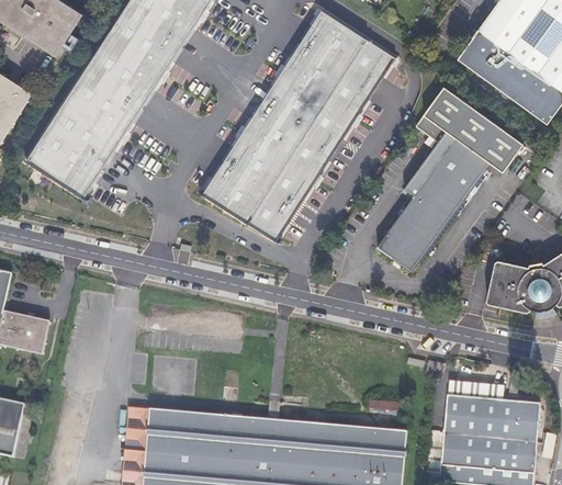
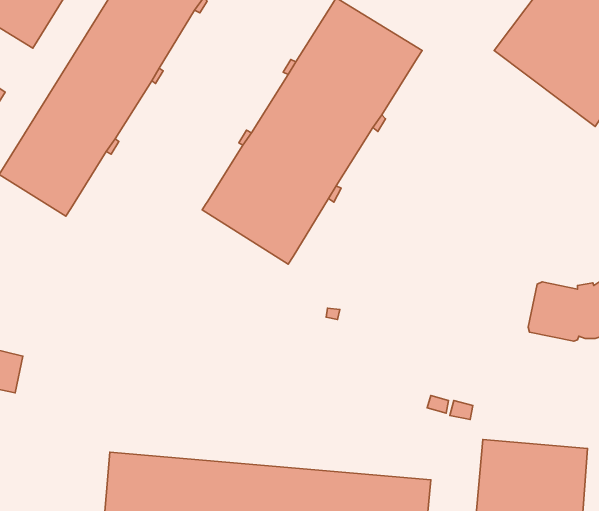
building: [378,84,524,269] -> none

